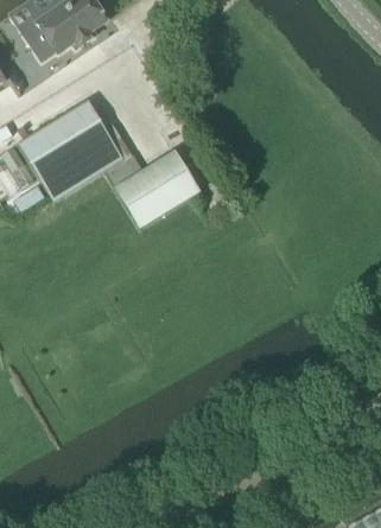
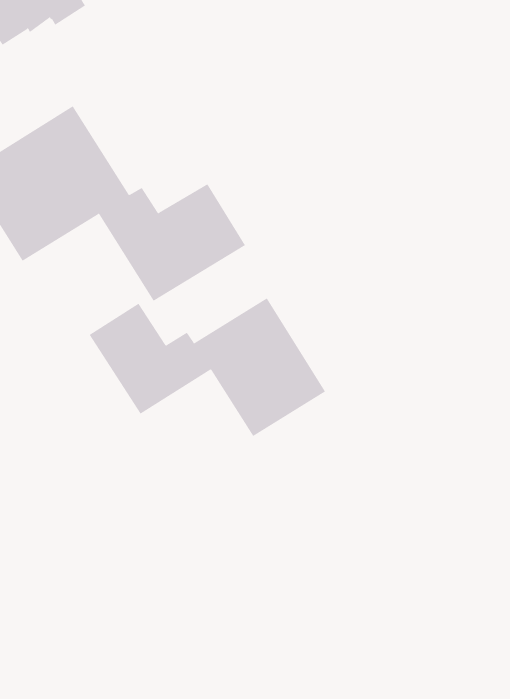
building: none -> [89,298,326,437]

